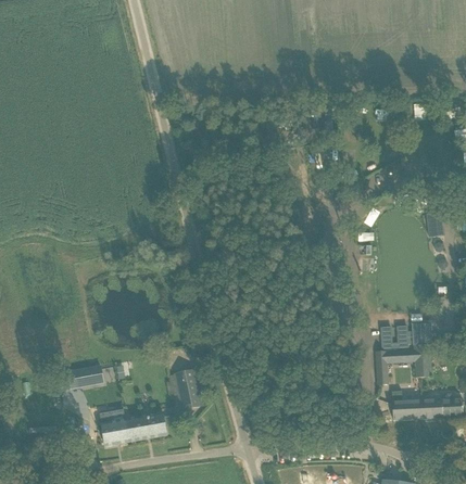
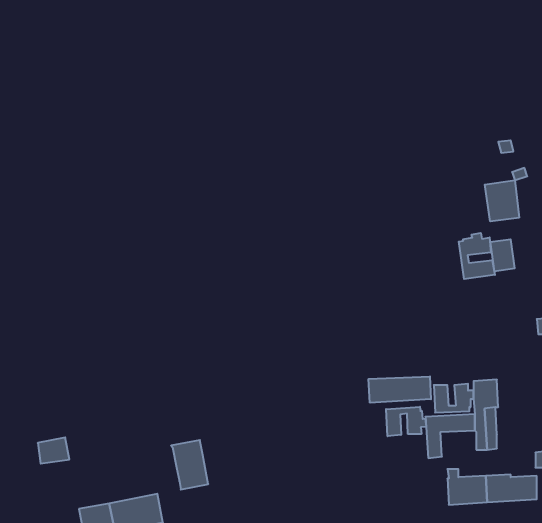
building: none -> [485,180,519,221]
building: none -> [459,233,495,279]
building: none -> [369,376,431,403]
building: none -> [386,407,426,436]

